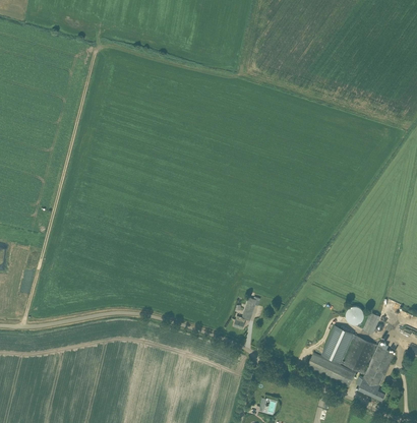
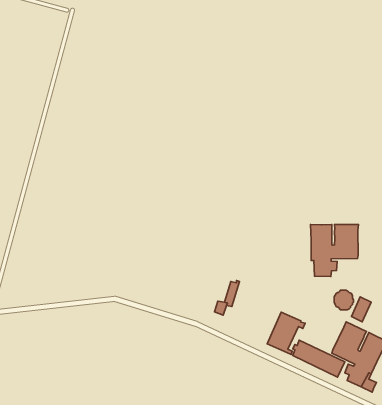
building: none -> [310,225,358,276]
building: [321,325,357,365] -> [267,312,305,355]

